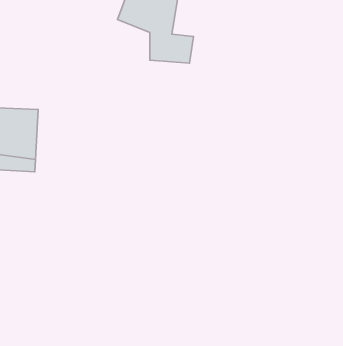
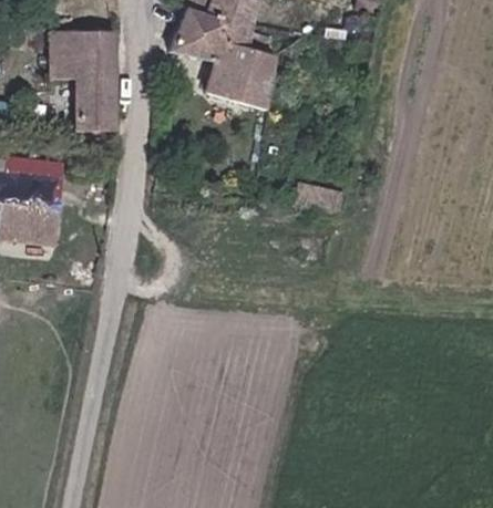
building: none -> [52,24,113,118]

